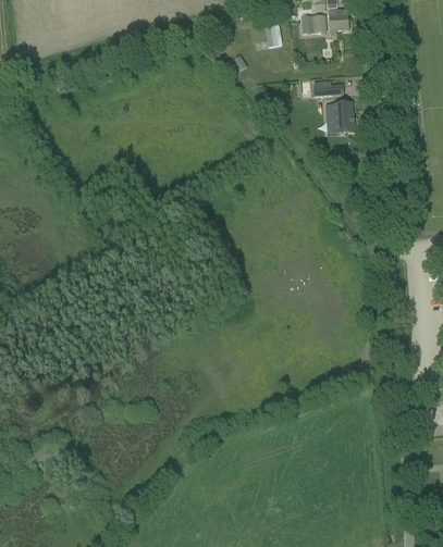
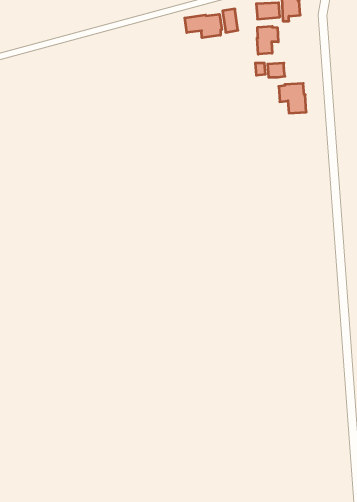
building: none -> [185,14,222,38]
building: none -> [257,26,278,54]

